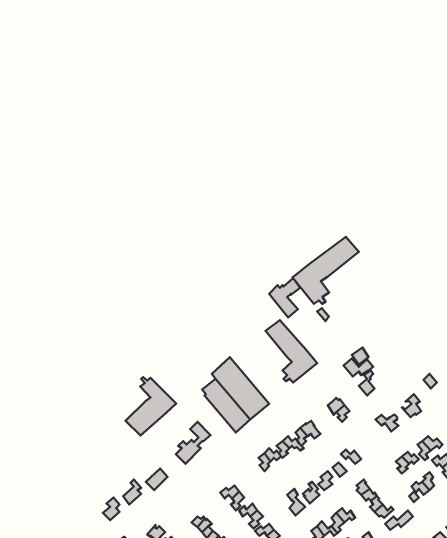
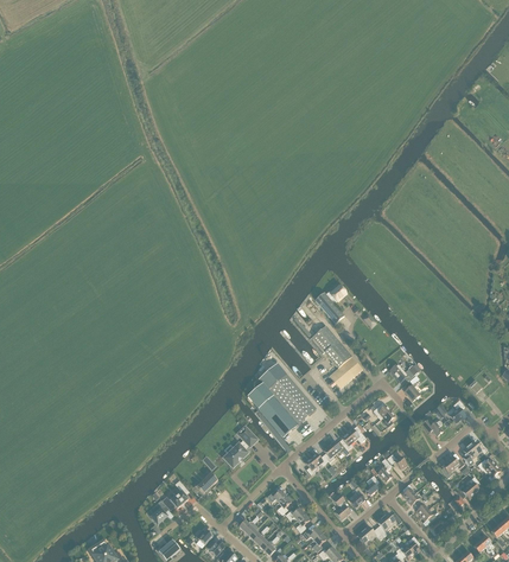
building: [293,237,359,304] -> none
building: [125,377,176,435] -> none

